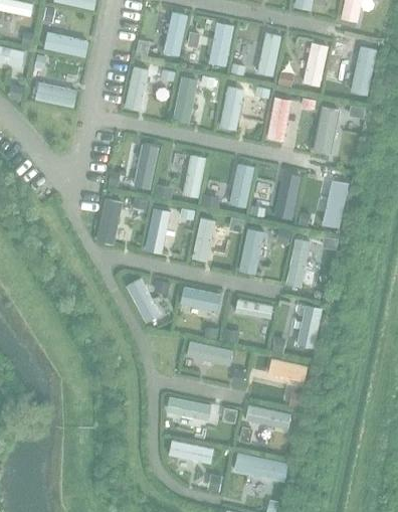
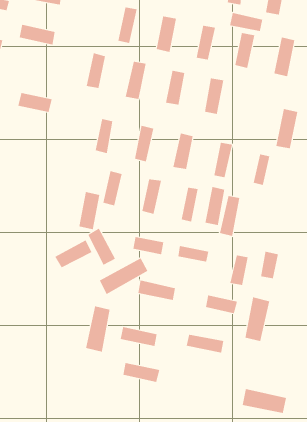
building: none -> [229,12,263,32]
building: [34,82,76,107] -> [17,92,53,112]
building: [312,106,339,154] -> [276,109,298,149]
building: [95,198,122,244] -> [78,191,100,230]
building: none -> [205,186,225,226]
building: none -> [55,240,92,268]
building: none -> [261,251,279,279]
building: none -> [99,257,148,295]
building: none -> [245,297,270,342]
building: none -> [86,306,110,353]
building: [233,452,287,482] -> [242,389,287,414]

